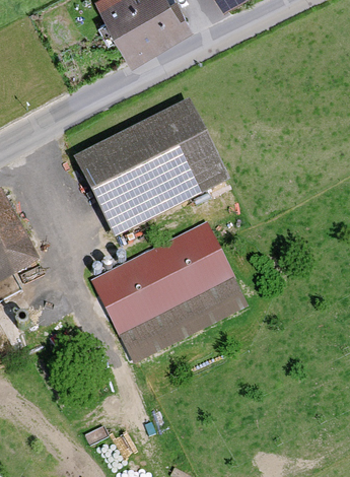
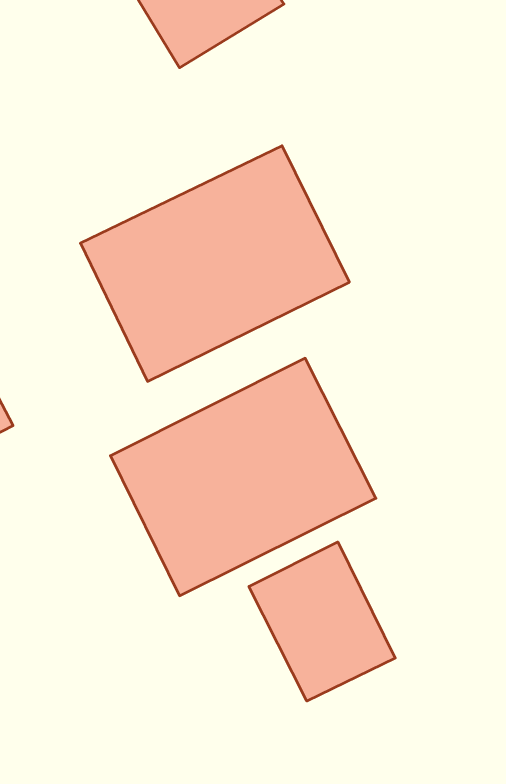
building: none -> [249,542,395,701]

